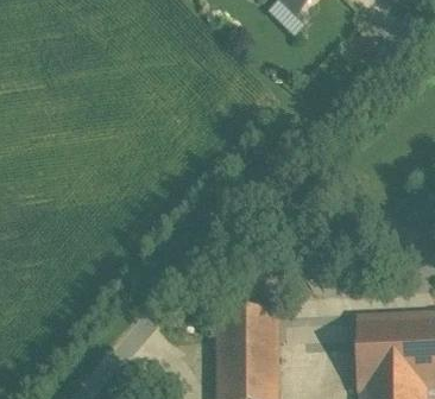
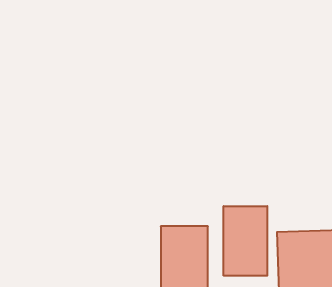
building: none -> [224,206,267,276]

